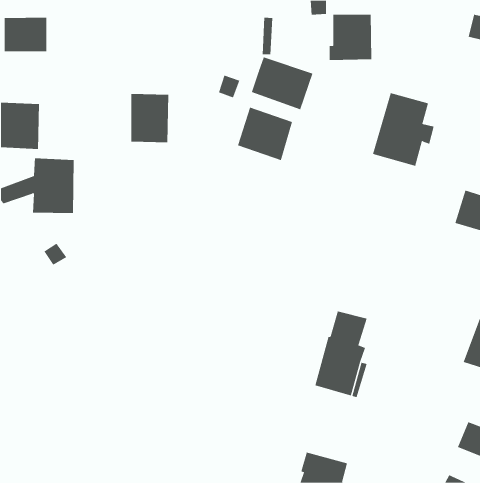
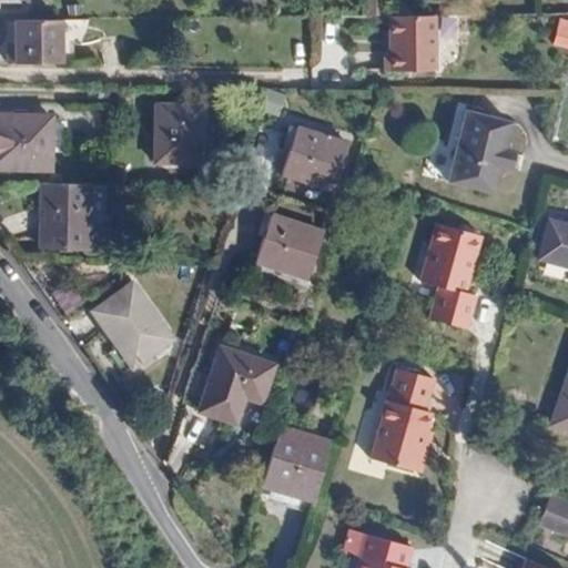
building: [251,56,313,110] -> none
building: none -> [256,215,322,276]
building: none -> [422,215,479,318]
building: none -> [94,286,173,368]
building: none -> [204,349,273,423]
building: none -> [263,424,333,500]

